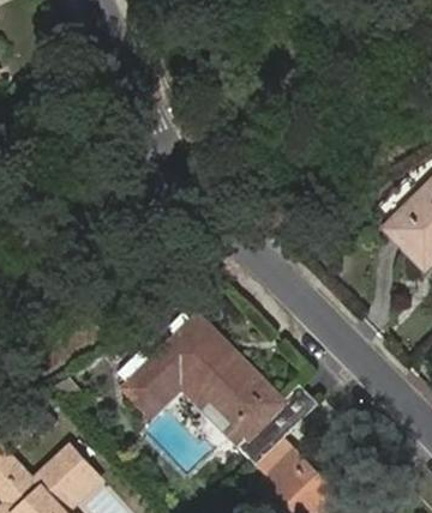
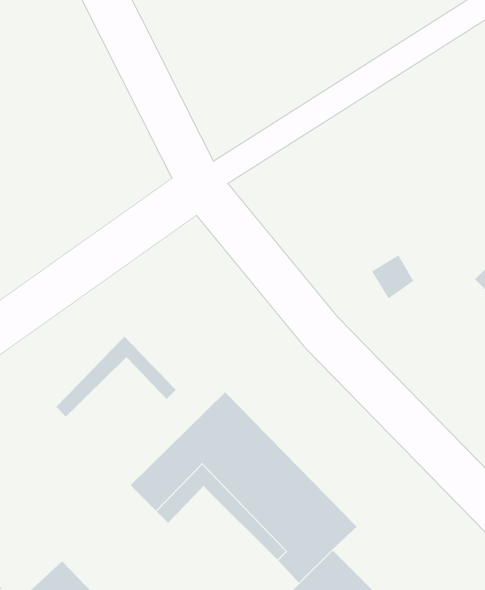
building: none -> [56,336,176,417]

